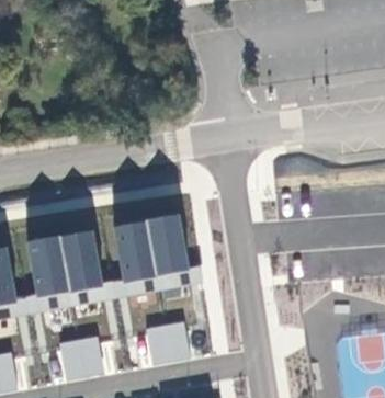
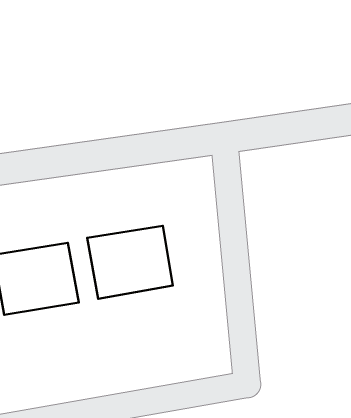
building: [146,321,191,366] -> none
building: [59,337,104,380] -> none

